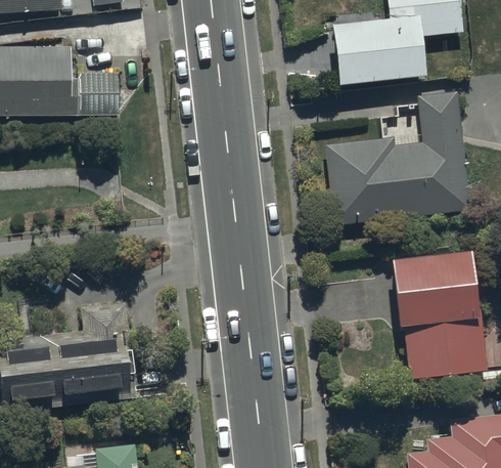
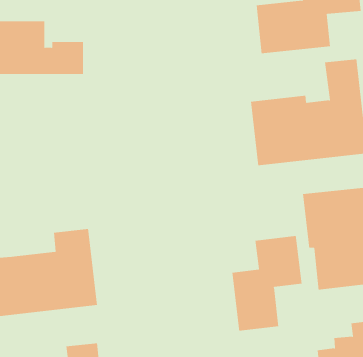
building: none -> [232,235,302,332]

